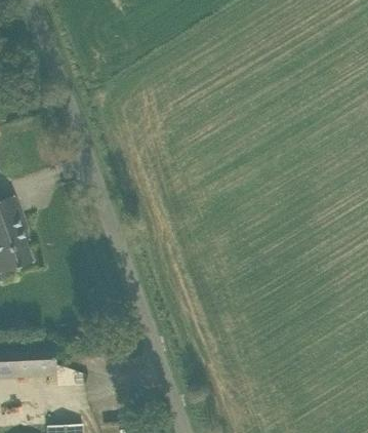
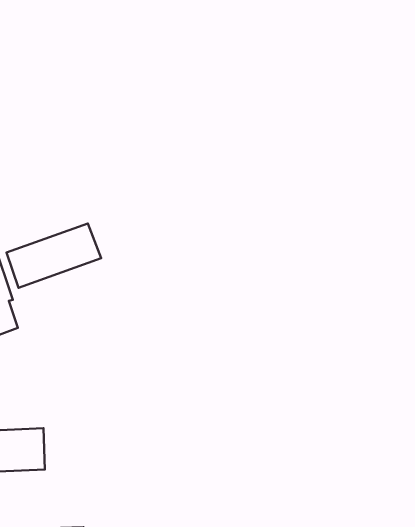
building: none -> [7,223,101,288]

